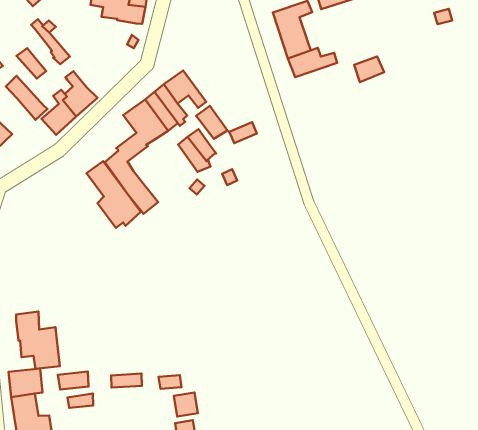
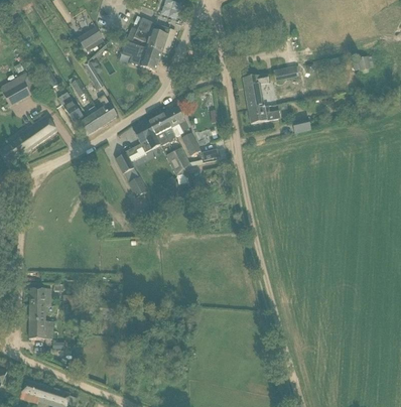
building: [87,161,141,228] -> none
building: [16,312,60,369] -> none

